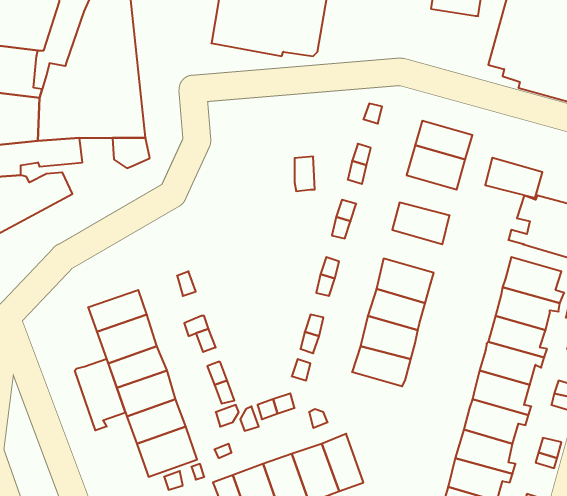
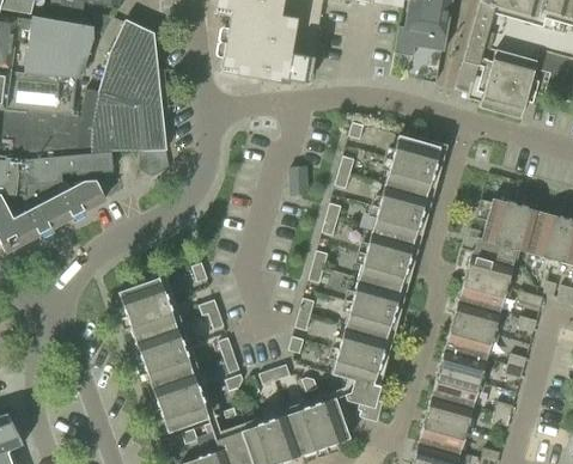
building: [485,158,542,198] -> [378,182,426,215]
building: none -> [365,227,414,263]
building: [75,359,125,430] -> none
building: none -> [331,346,382,422]

